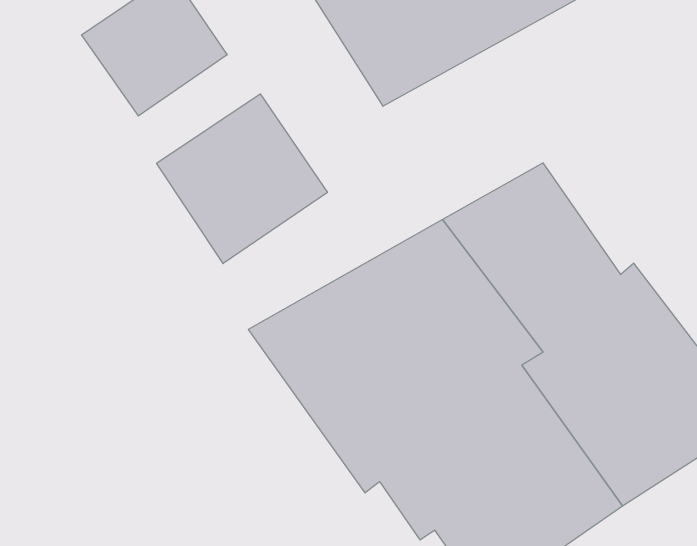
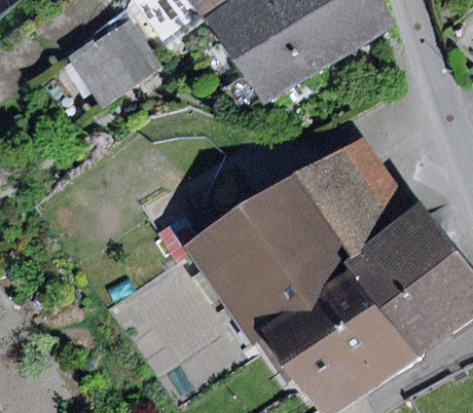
building: [157,94,327,264] -> none

